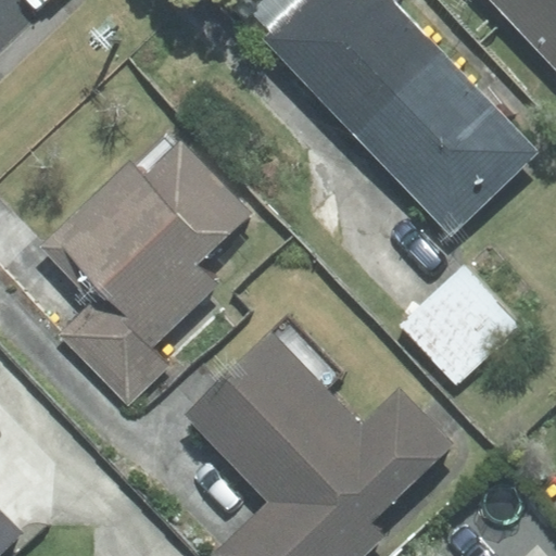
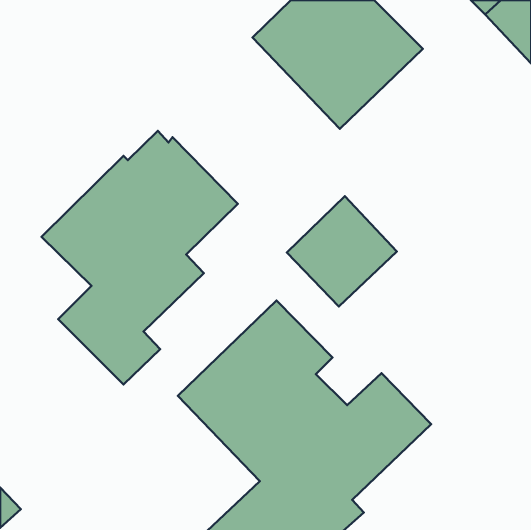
building: [355,52,536,233] -> none
building: [403,269,518,384] -> [287,196,397,306]

